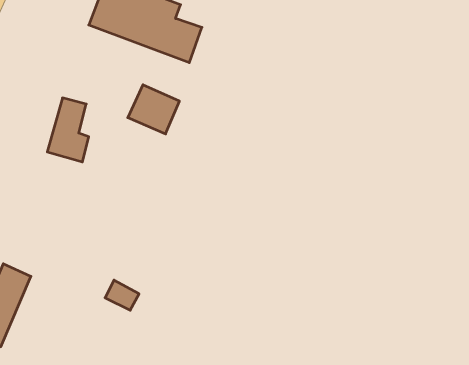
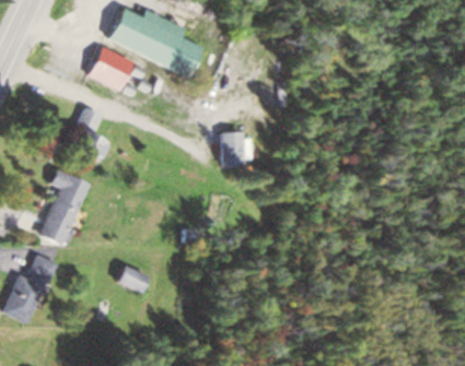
building: [128,85,179,134] -> [88,46,132,88]
building: none -> [224,130,246,166]
building: none -> [40,170,90,245]

